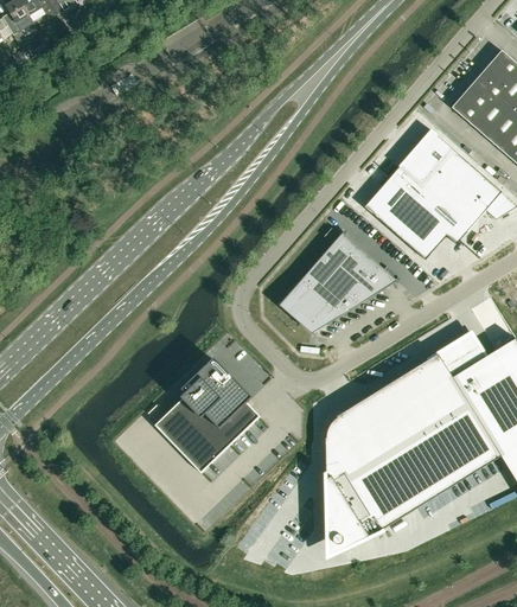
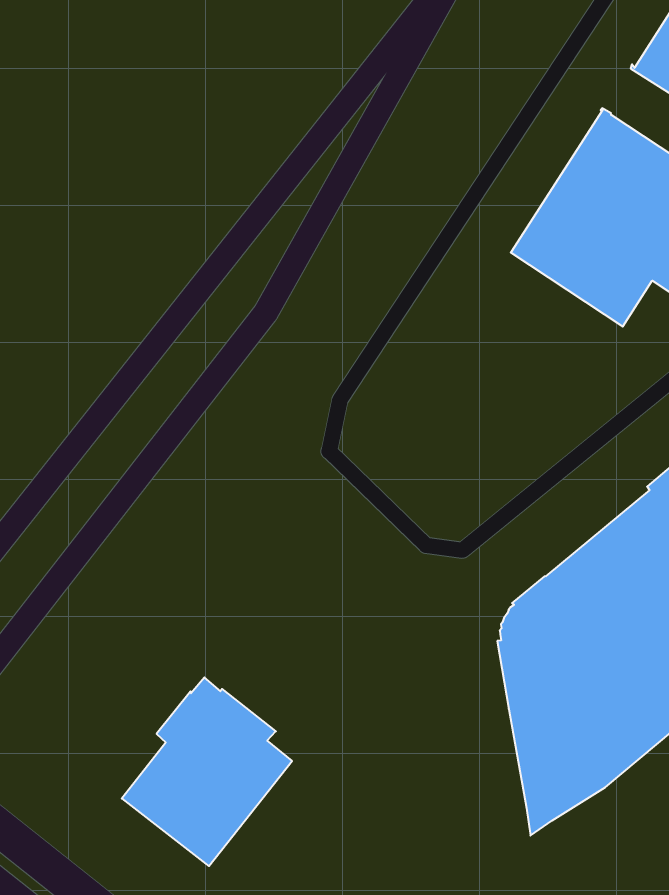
building: [282,230,398,331] -> none
building: [155,358,260,471] -> [122,677,292,866]

